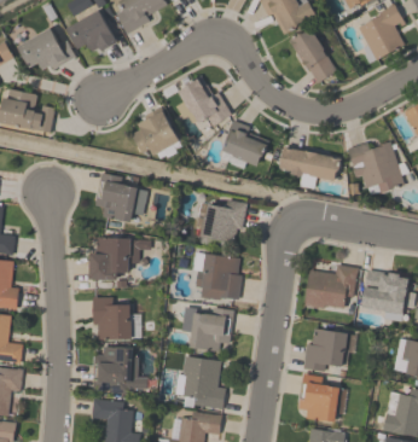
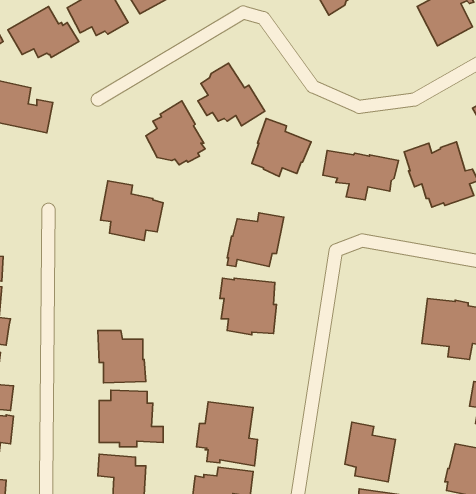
building: [289,29,337,83] -> none
building: [91,238,151,280] -> none
building: [306,264,359,309] -> none
building: [182,307,234,350] -> none
building: [304,328,349,371] -> none

